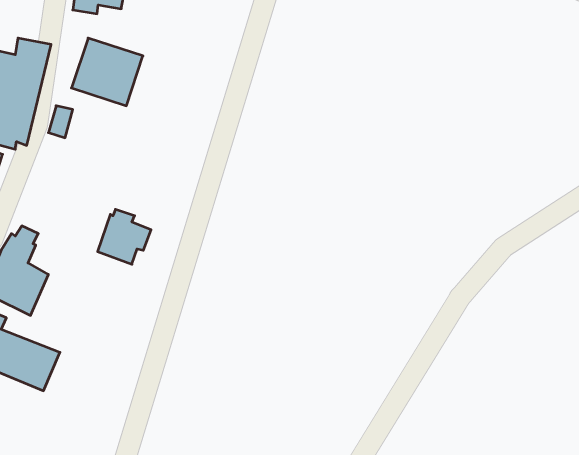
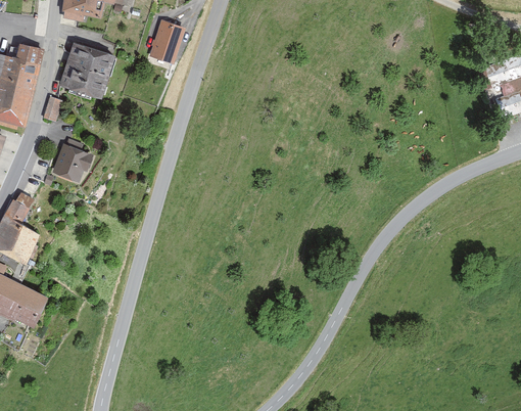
building: none -> [149,18,184,63]
building: [98,209,151,264] -> [52,139,95,183]

